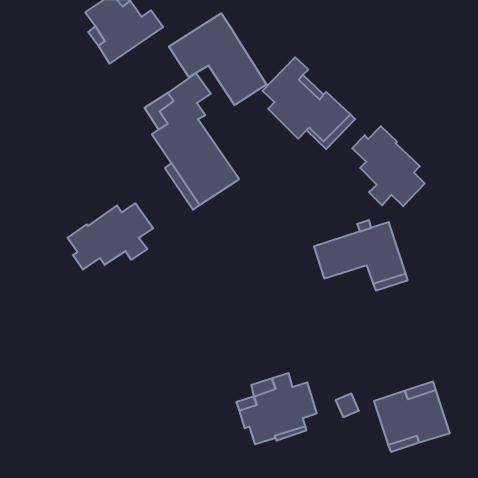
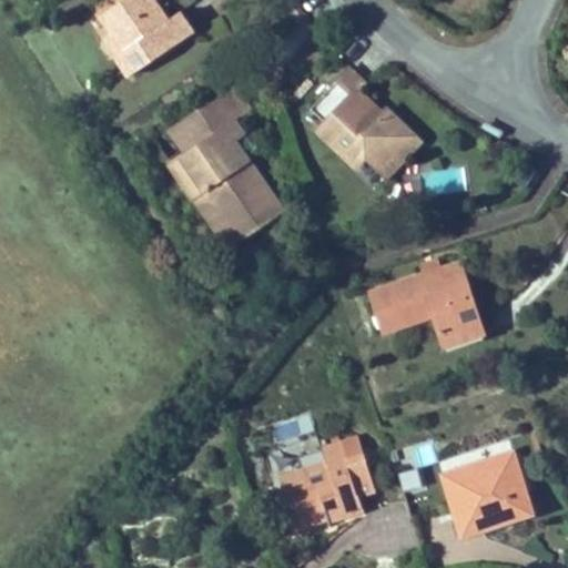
building: [169,13,267,105] -> none
building: [352,126,425,206] -> none
building: [67,203,153,270] -> none

